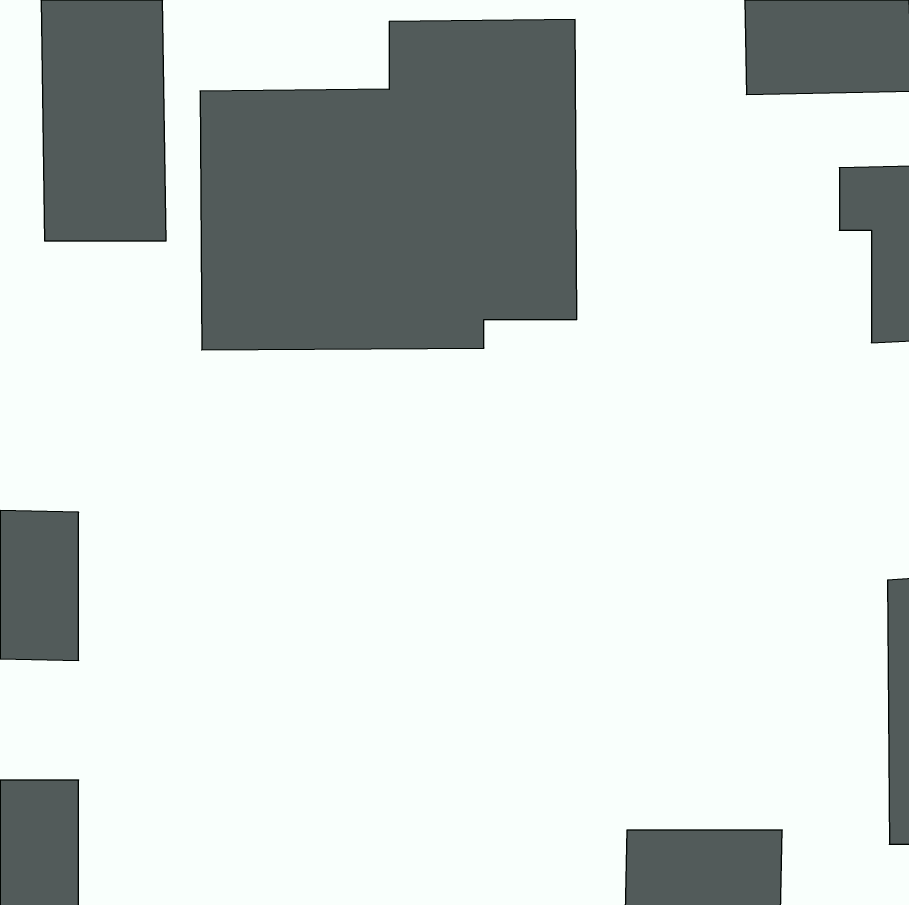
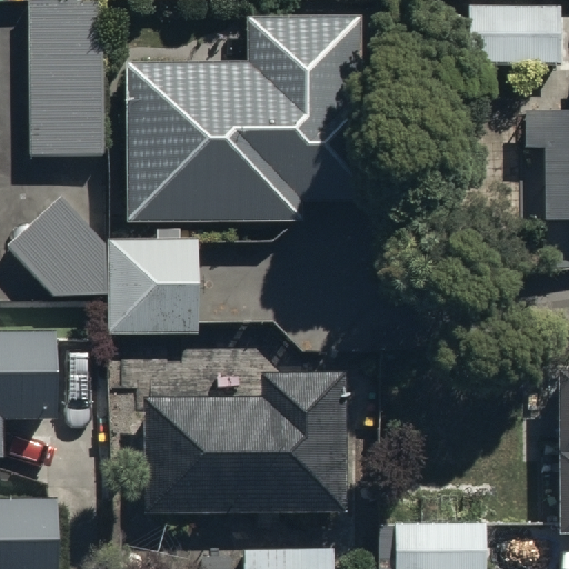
building: none -> [9,198,198,337]
building: none -> [143,372,347,511]

